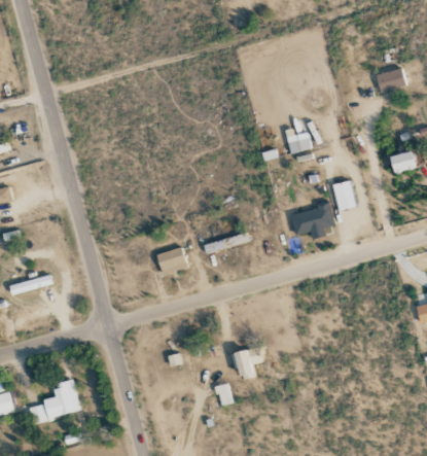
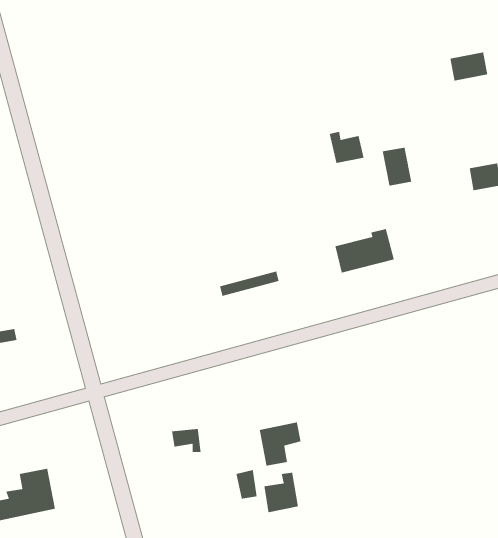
building: [333,180,356,210] -> [382,147,412,186]
building: [156,246,188,275] -> none
building: none -> [263,472,299,513]

